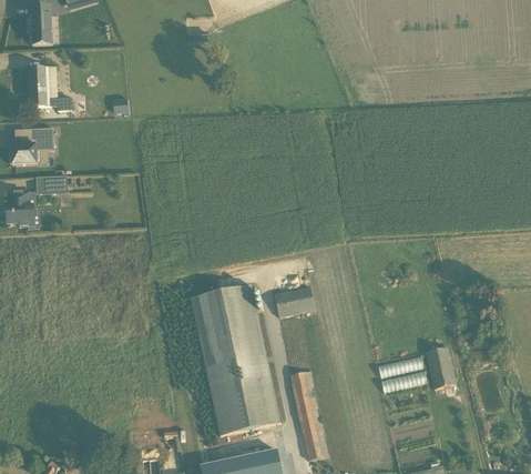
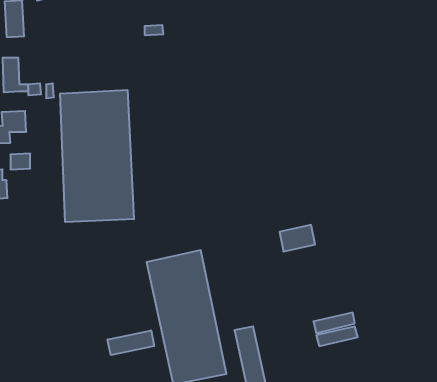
building: none -> [60,90,134,222]
building: [274,288,314,317] -> [280,225,315,252]
building: [425,347,456,390] -> none
building: none -> [108,330,154,355]

